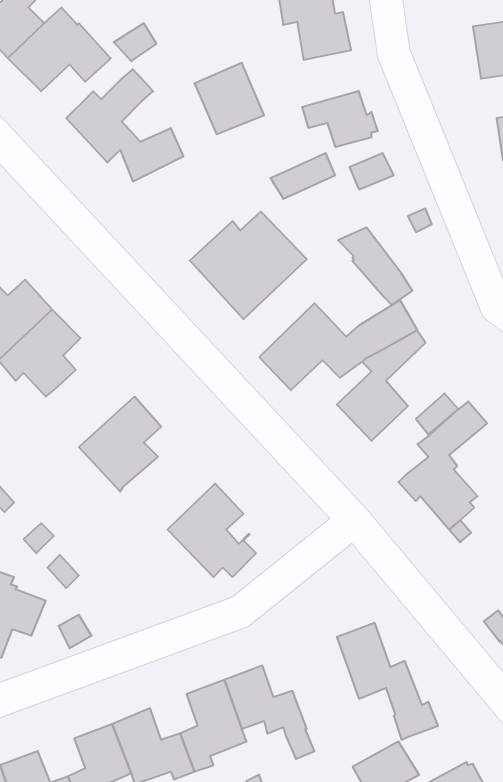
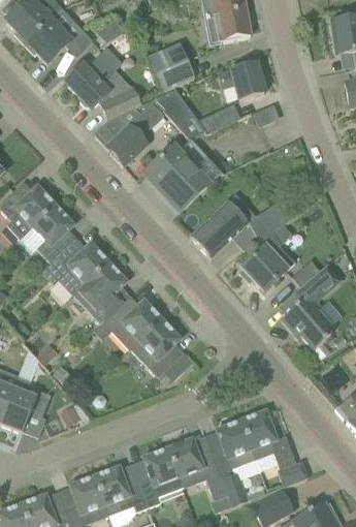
building: none -> [93,100,164,165]
building: [338,228,412,305] -> [156,89,204,140]
building: none -> [56,242,108,295]
building: none -> [101,299,161,349]
building: none -> [212,419,259,506]

